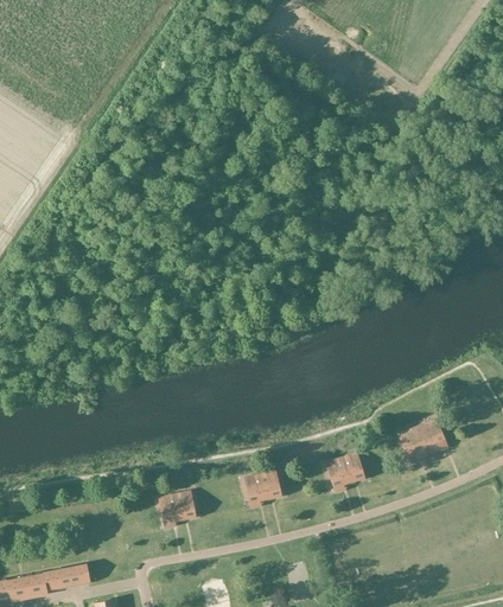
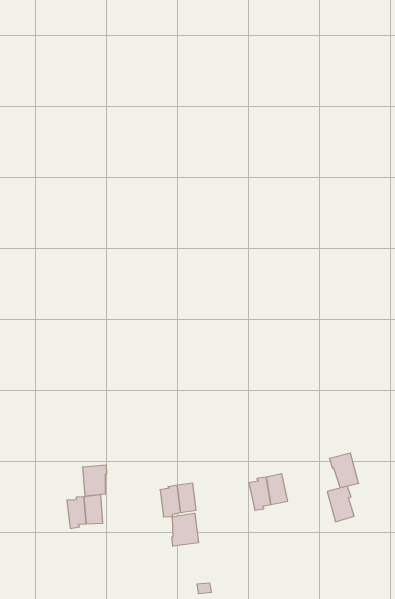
building: [418,420,445,454] -> [327,486,354,522]
building: none -> [83,465,107,496]
building: none -> [172,513,198,546]

